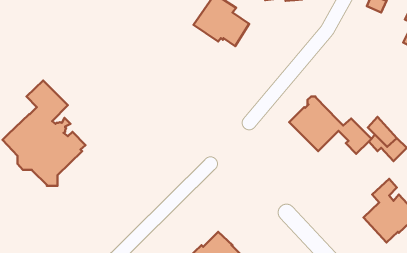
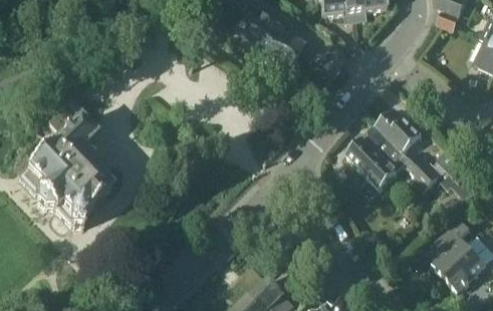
building: none -> [377,108,421,152]

